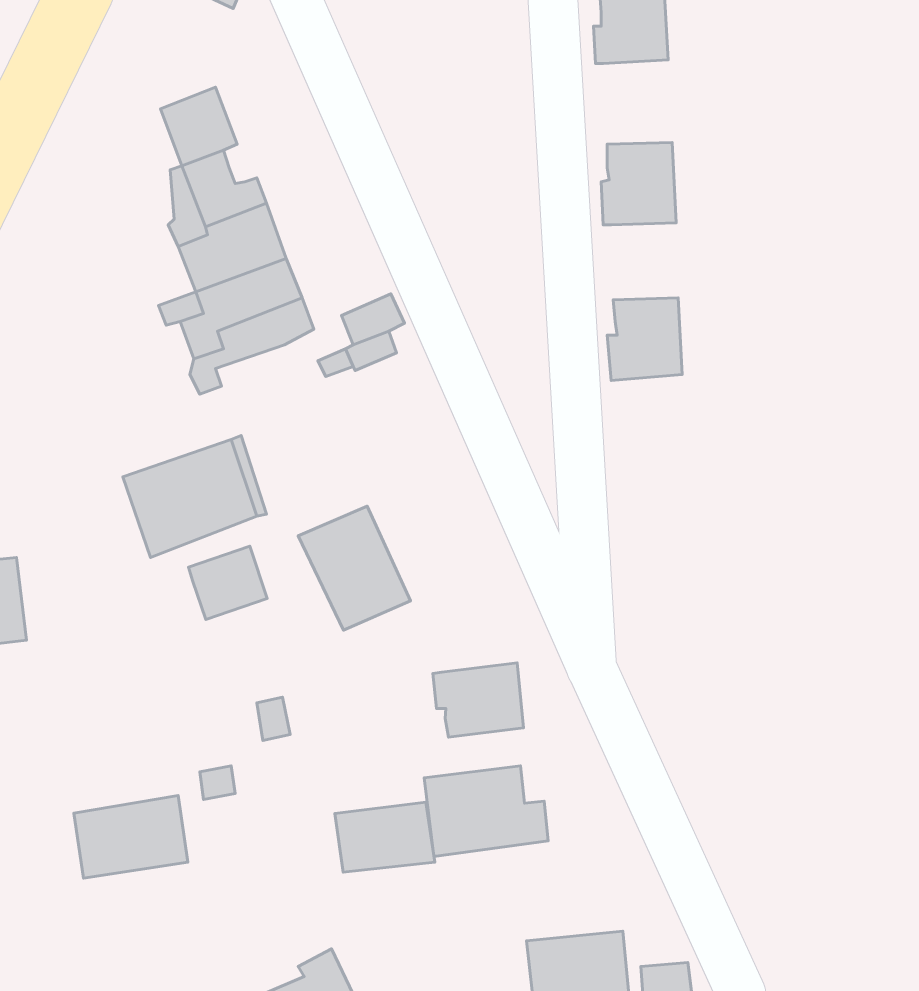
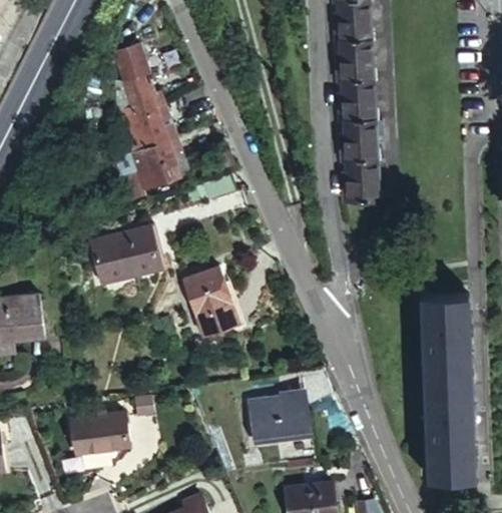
building: none -> [335,37,373,80]
building: none -> [338,120,376,159]
building: [189,546,267,620] -> none
building: none -> [425,290,475,475]
building: [433,663,524,737] -> none
building: [335,802,435,872] -> none

